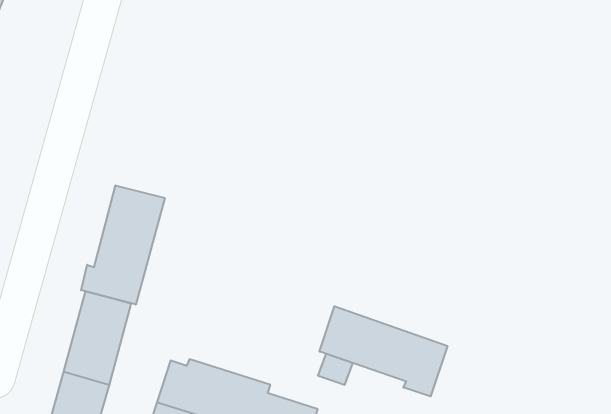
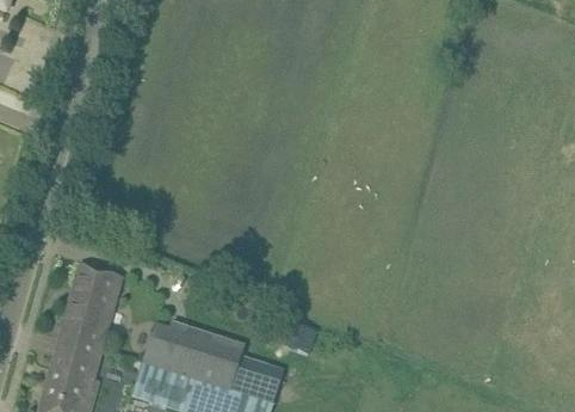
building: [81,185,165,305] -> none
building: [319,306,447,396] -> none

